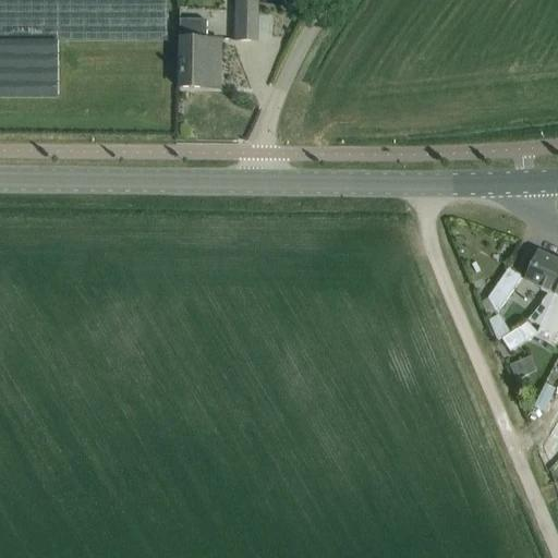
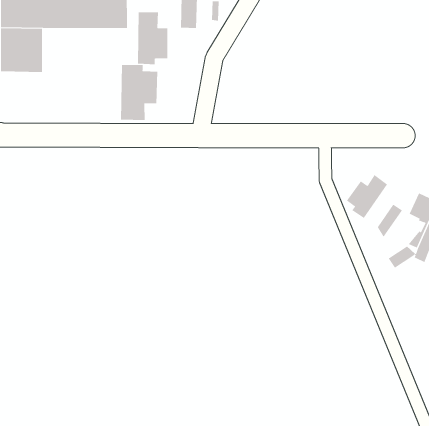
building: none -> [121,64,158,121]
building: none -> [346,174,388,219]

